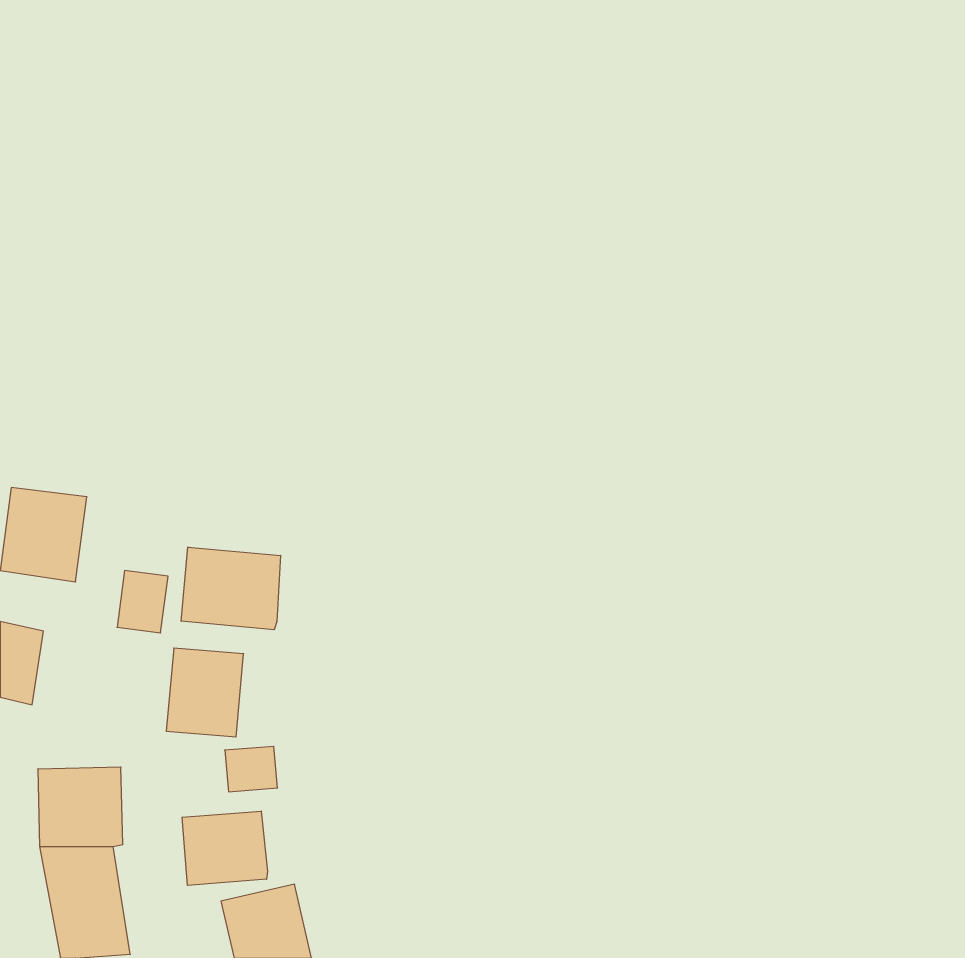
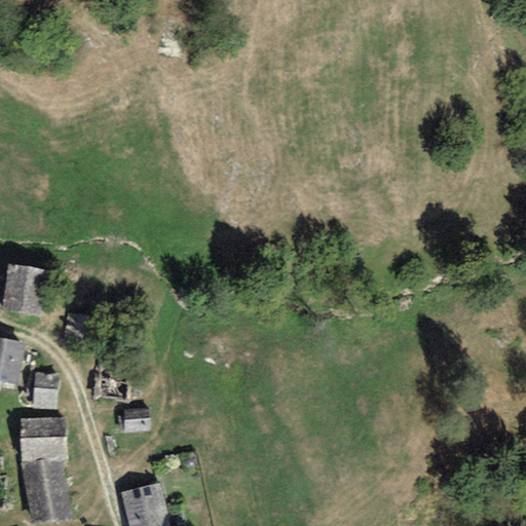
building: [181,547,281,630] -> none
building: none -> [33,372,57,409]
building: [182,811,268,885] -> none

